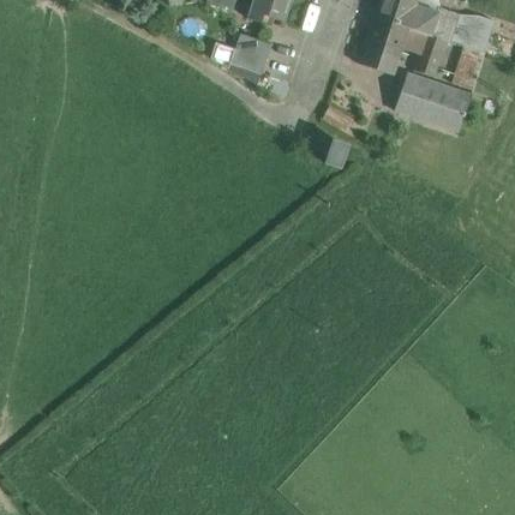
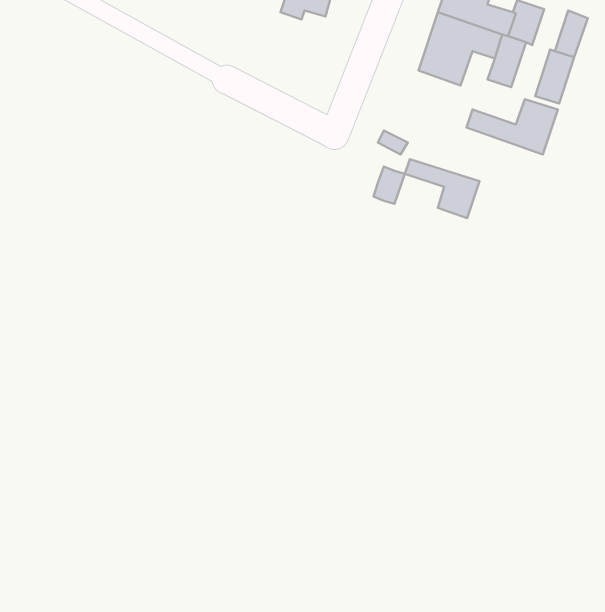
building: [229,32,271,73] -> none
building: [402,73,444,106] -> none
building: none -> [405,159,479,218]

